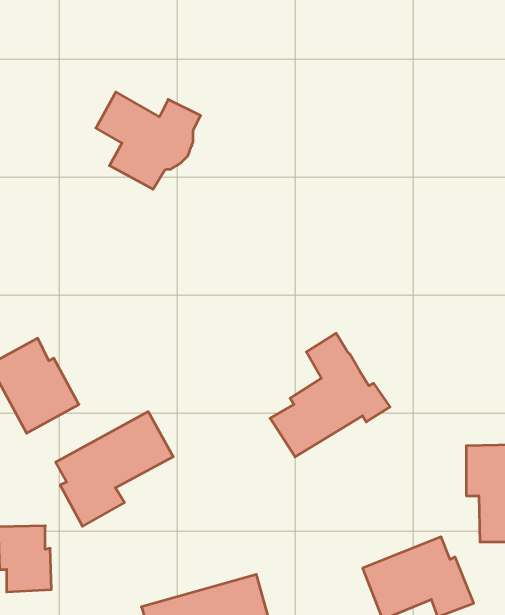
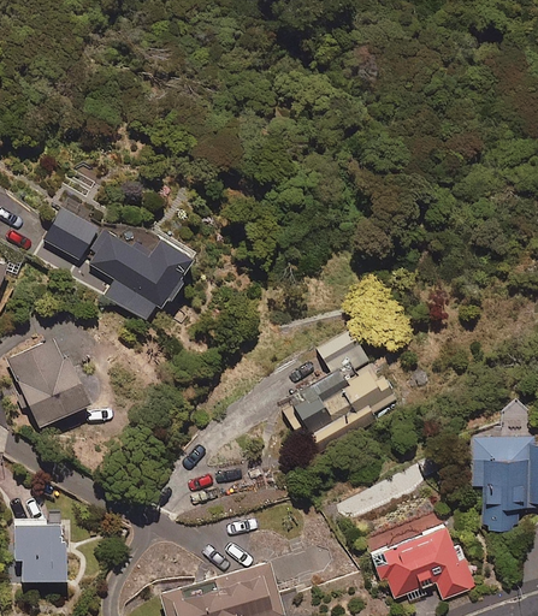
building: [96,92,201,189] -> [91,229,193,322]
building: none -> [45,206,100,261]
building: [56,412,173,526] -> none

